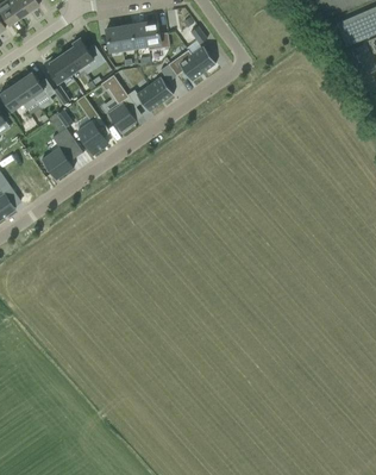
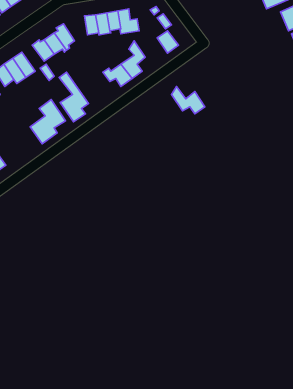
building: [164,49,203,81] -> [172,87,205,114]
building: [101,75,137,135] -> none

